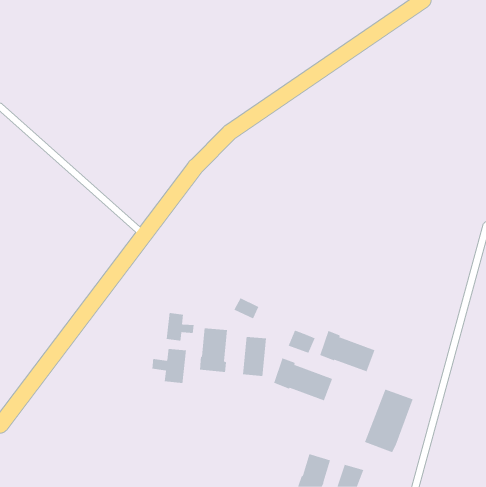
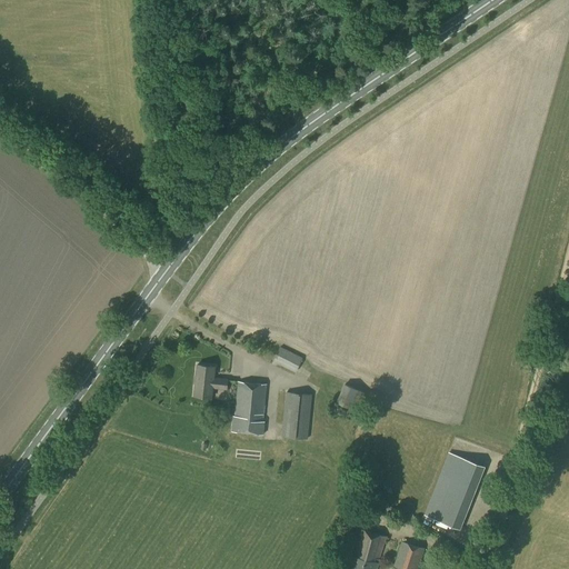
building: [320,330,375,372] -> none
building: [152,348,187,384] -> none
building: [273,358,333,401] -> none

